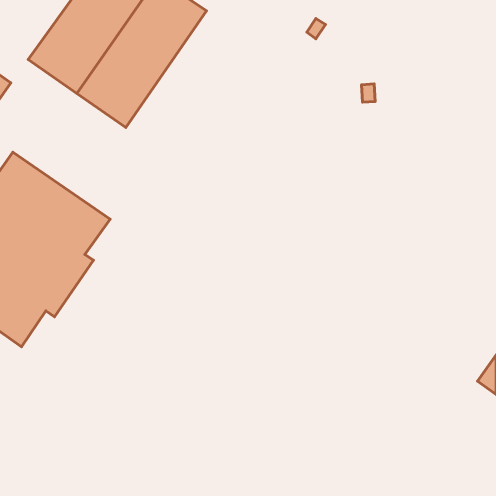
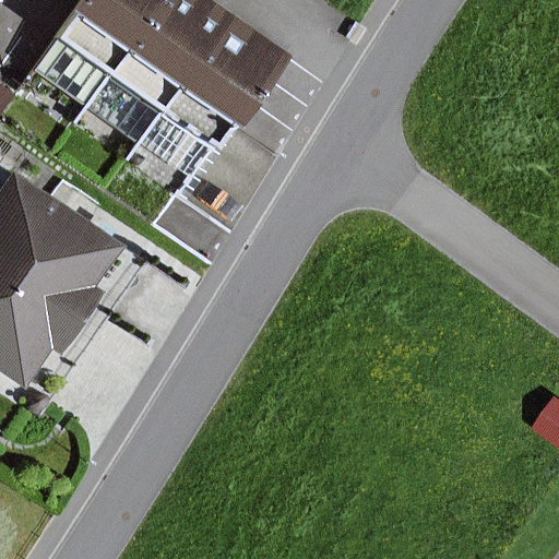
building: none -> [141,12,295,177]

